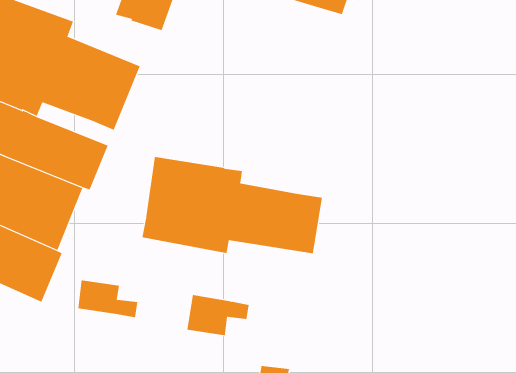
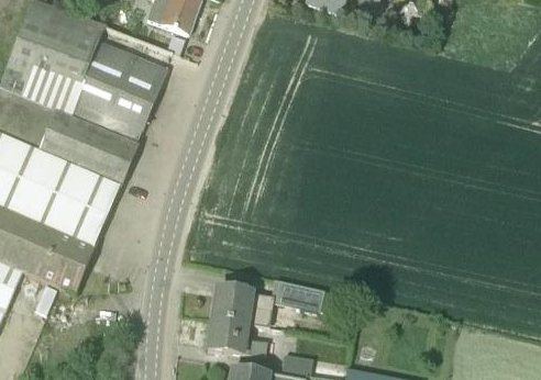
building: [142,156,322,254] -> none
building: [77,280,138,318] -> [209,320,267,356]
building: none -> [291,284,324,311]

